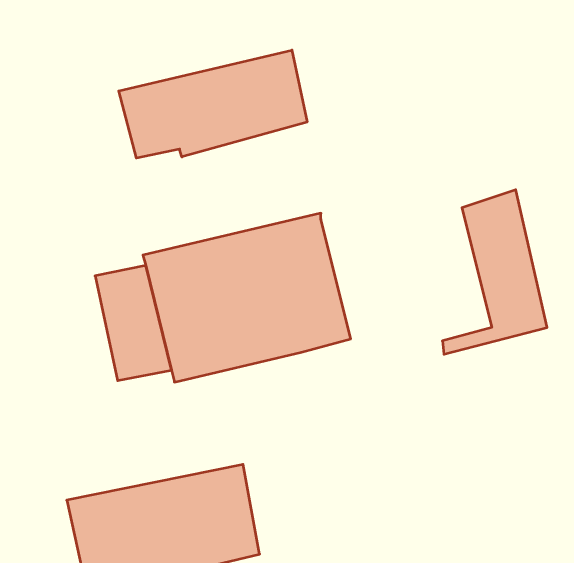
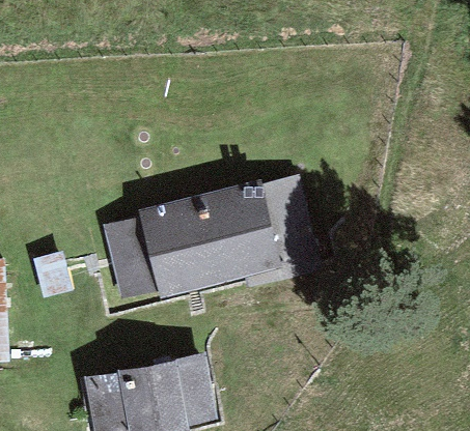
building: [119,50,307,158] -> none
building: [442,190,547,354] -> [244,173,316,287]

